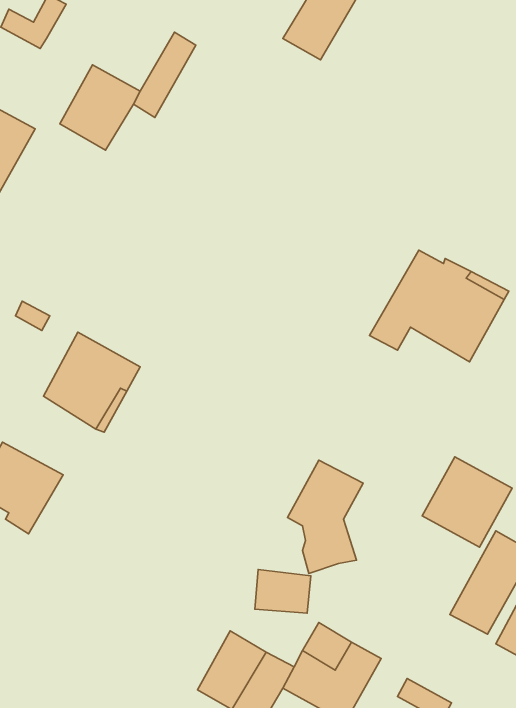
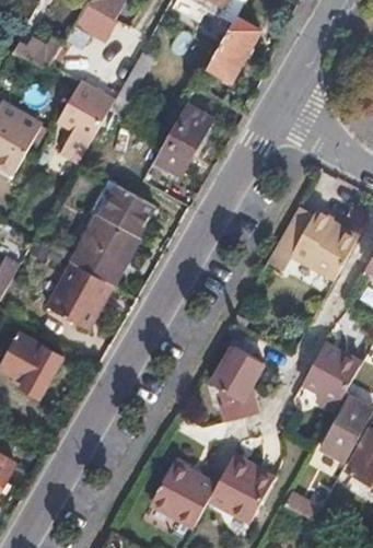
building: none -> [153,104,210,173]
building: none -> [71,184,154,283]
building: [255,570,311,613] -> none

